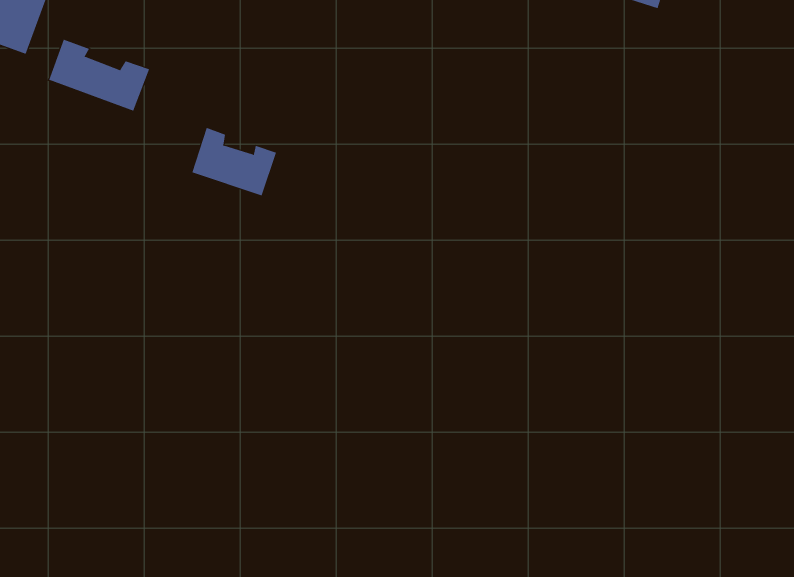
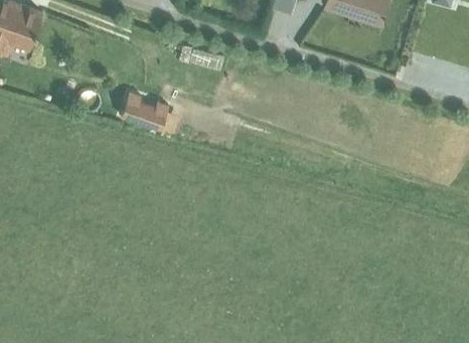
building: [48,39,150,111] -> none

